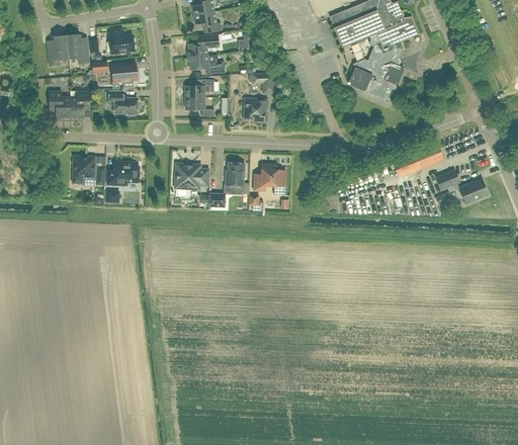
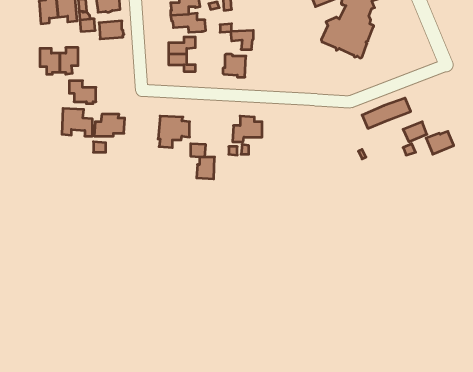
building: [108,91,137,115] -> [69,81,96,104]
building: [225,163,244,186] -> [197,157,215,179]

